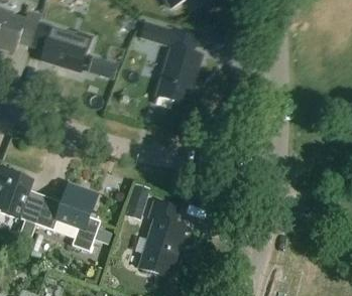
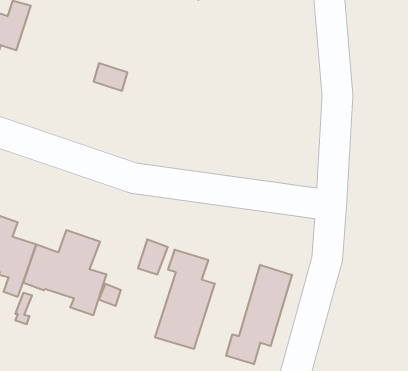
building: [31,11,93,71] -> none
building: [140,20,203,106] -> none
building: none -> [226,265,292,364]

